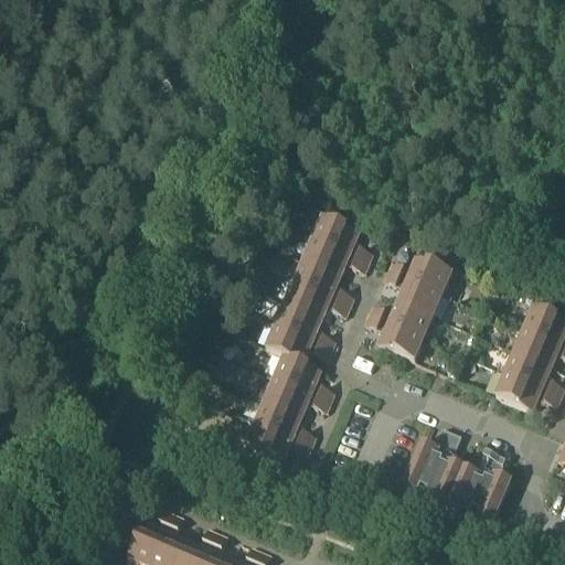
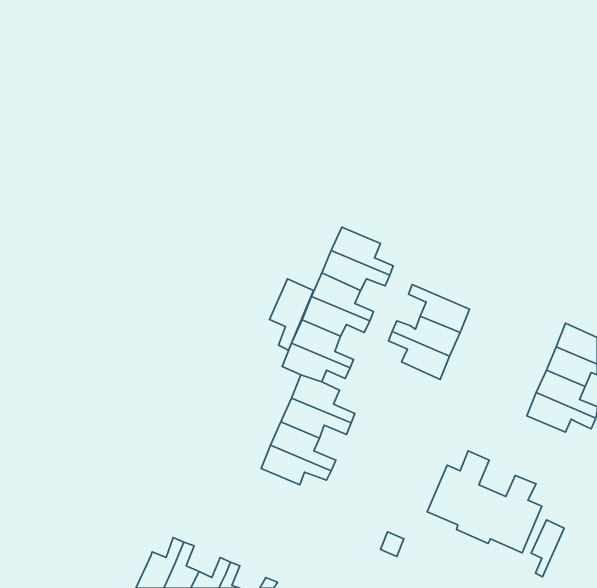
building: [388,254,452,291] -> none
building: none -> [270,279,314,350]
building: none -> [531,520,564,577]

